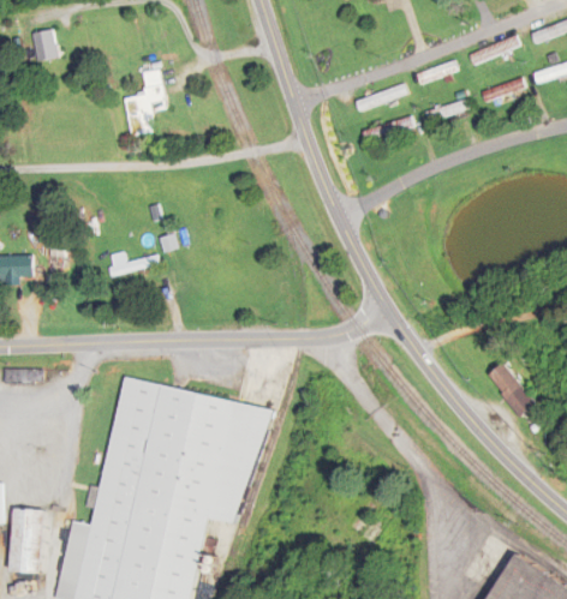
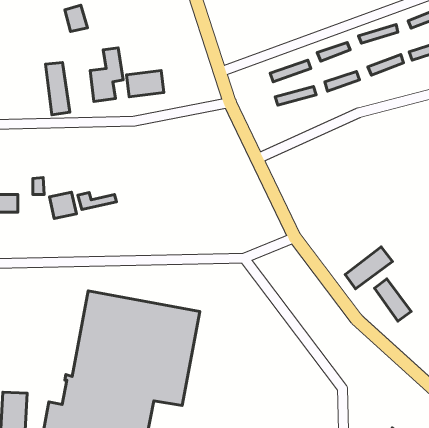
building: [30,28,59,61] -> [65,5,87,32]
building: none -> [46,62,70,115]
building: none -> [127,71,164,97]
building: none -> [49,192,76,219]
building: none -> [345,247,393,289]

